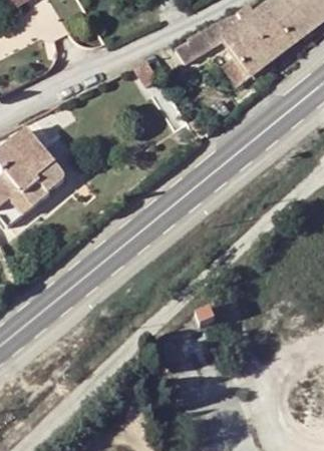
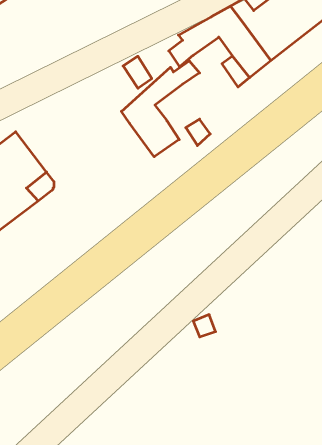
building: none -> [121,61,200,157]

